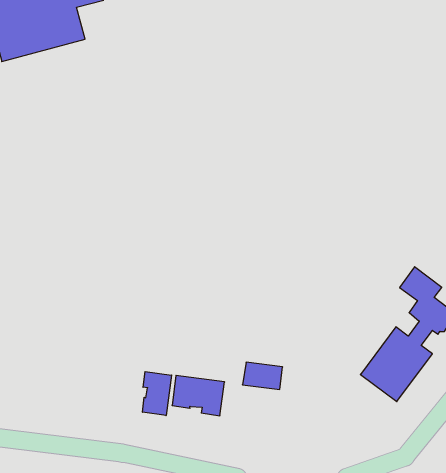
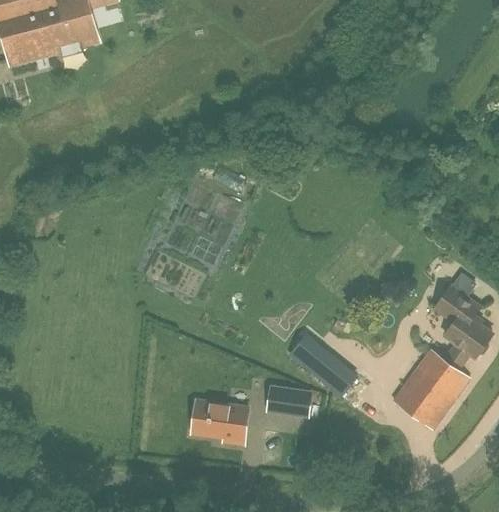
building: none -> [291,332,362,399]
building: [143,372,172,416] -> none

